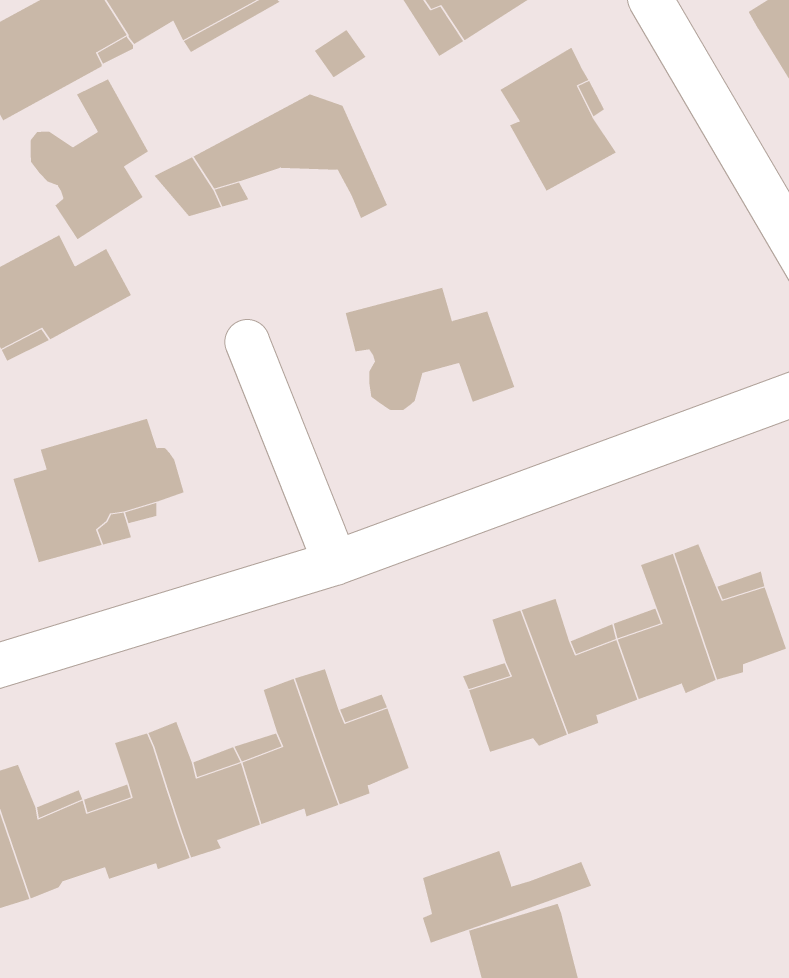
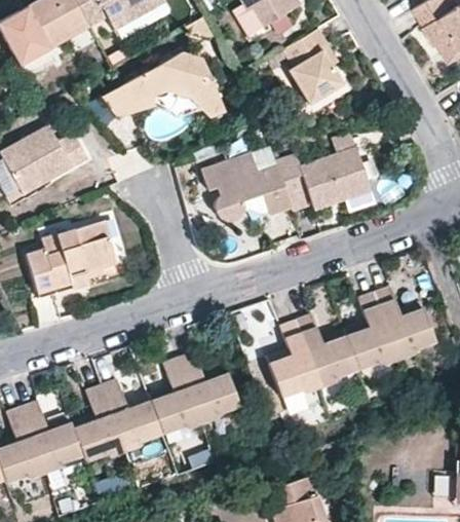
building: [30,79,149,240] -> none
building: none -> [275,146,370,210]
building: [422,850,592,944] -> none

